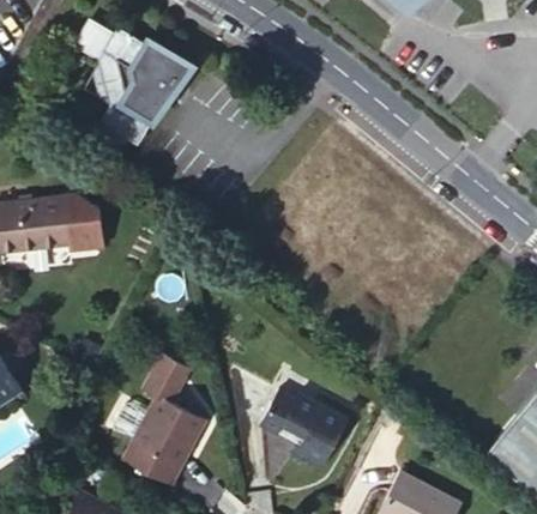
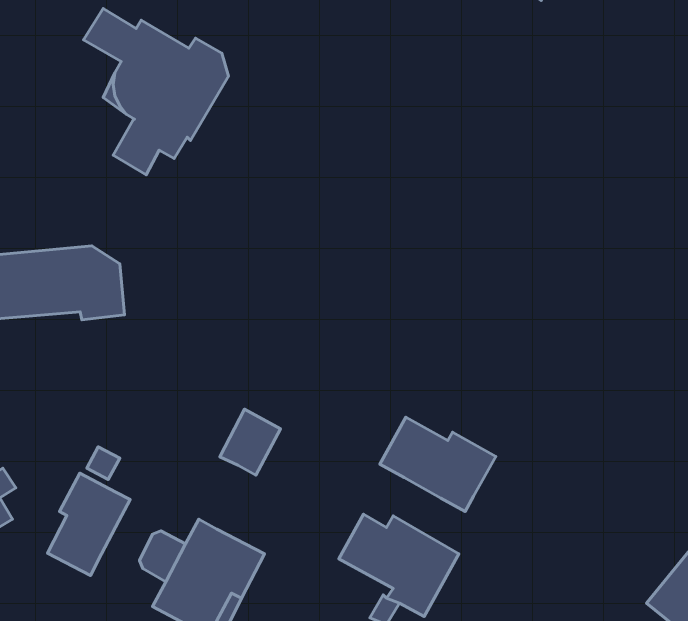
building: none -> [380,417,496,512]
building: [145,353,189,401] -> [220,409,281,475]
building: none -> [48,473,130,575]

